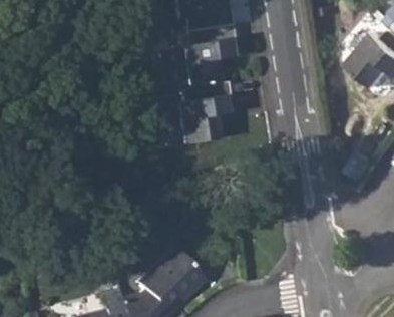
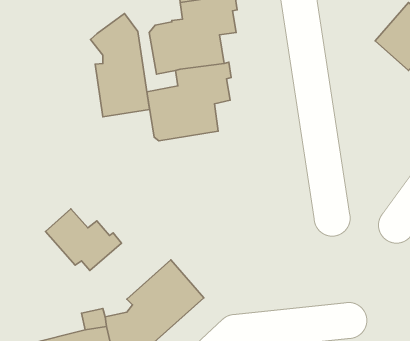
building: none -> [91,14,150,117]
building: none -> [46,209,122,270]

